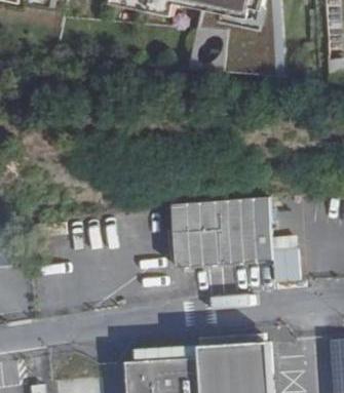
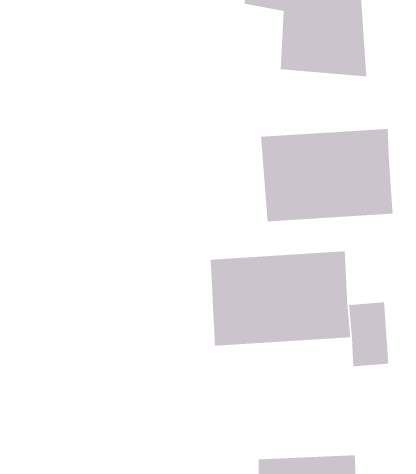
building: none -> [260,128,394,222]

